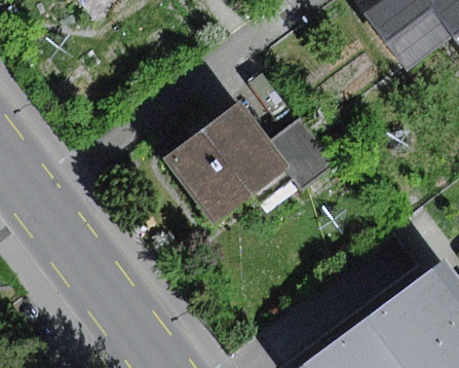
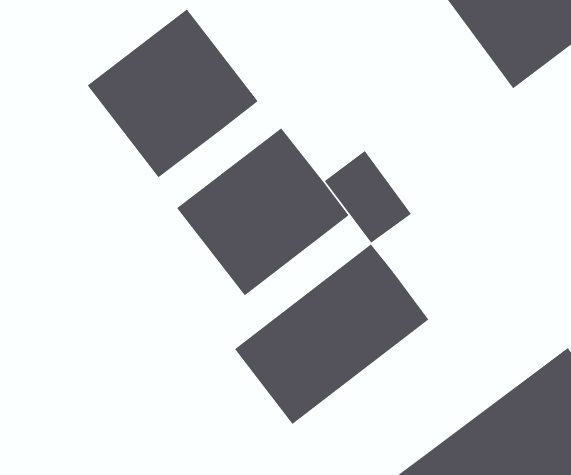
building: none -> [87,8,258,178]
building: none -> [234,244,429,425]

